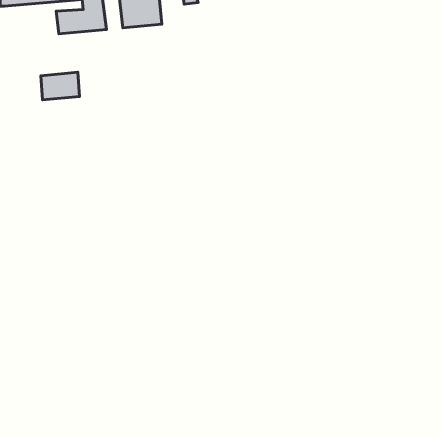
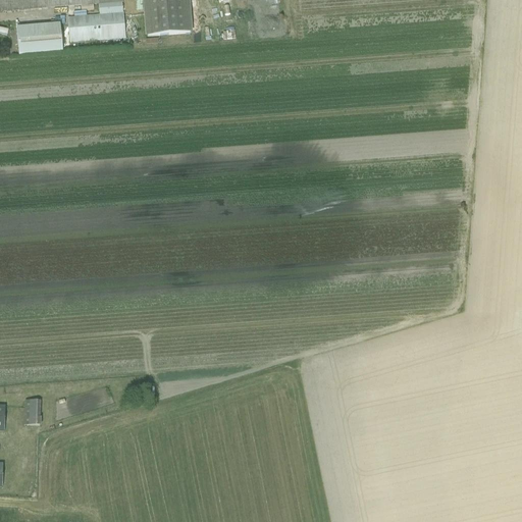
building: [41,72,80,100] -> [16,19,62,52]
building: none -> [23,397,41,423]

